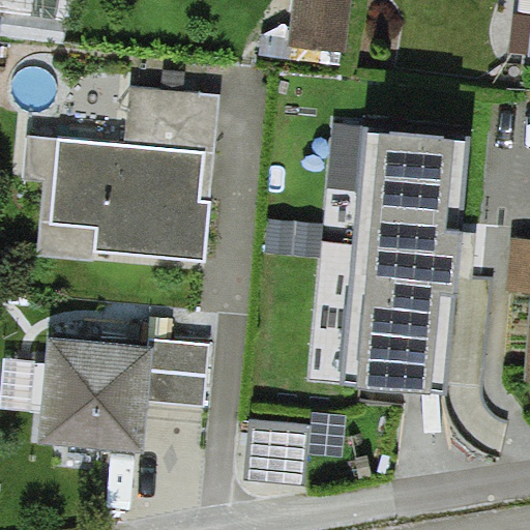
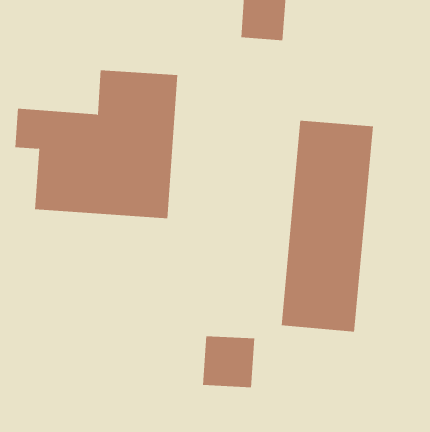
building: [37,337,199,453] -> none

